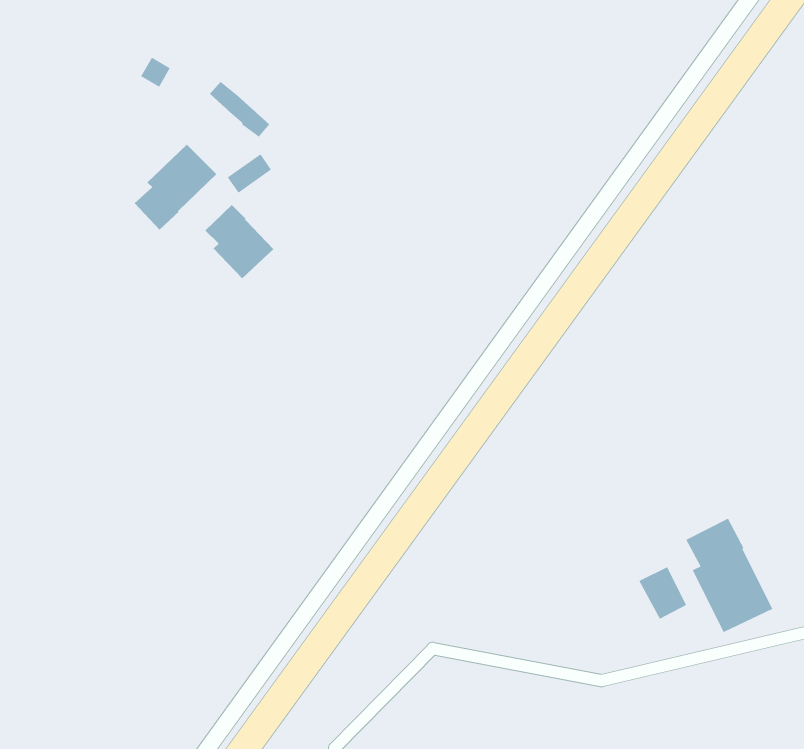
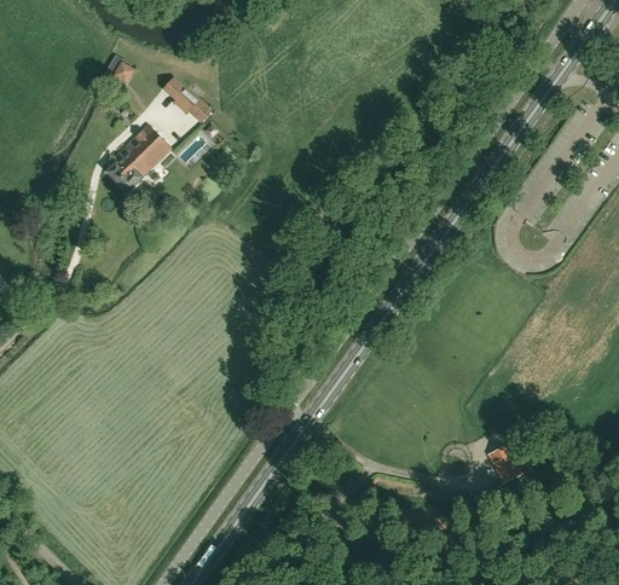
building: [204,204,274,279] -> none
building: [685,518,773,633] -> none

